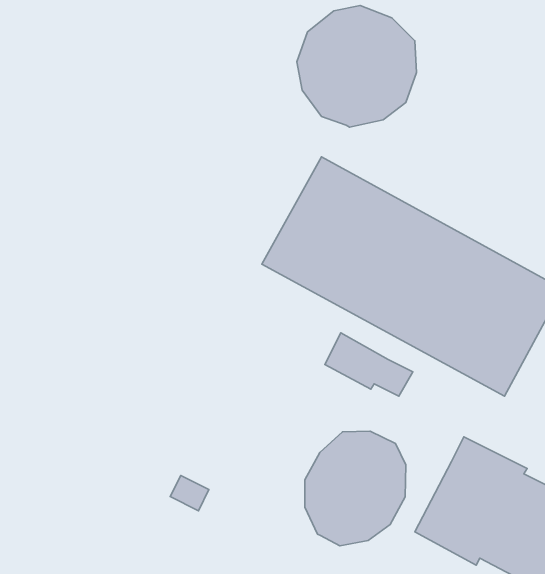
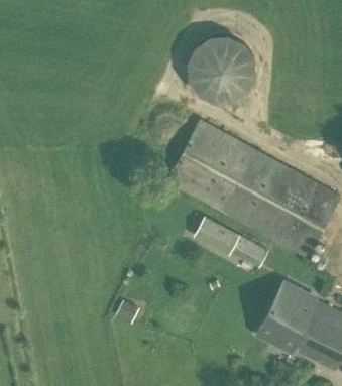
building: [305,431,406,546] -> none

